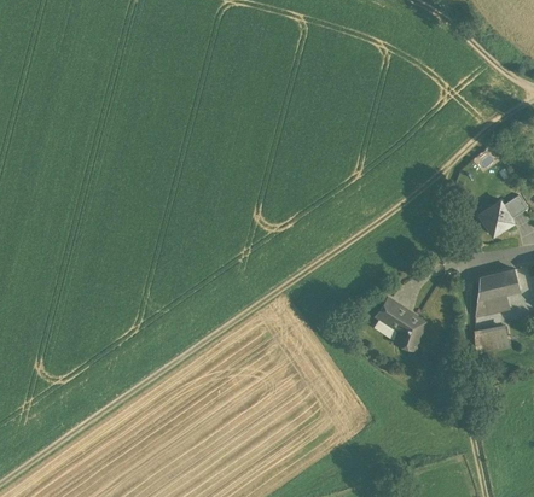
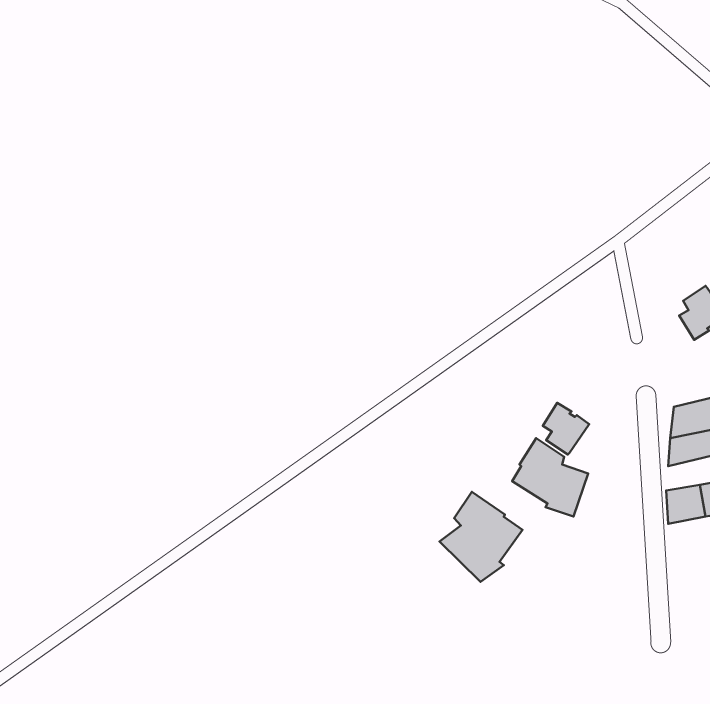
building: none -> [543,403,589,455]
building: none -> [439,492,523,582]

